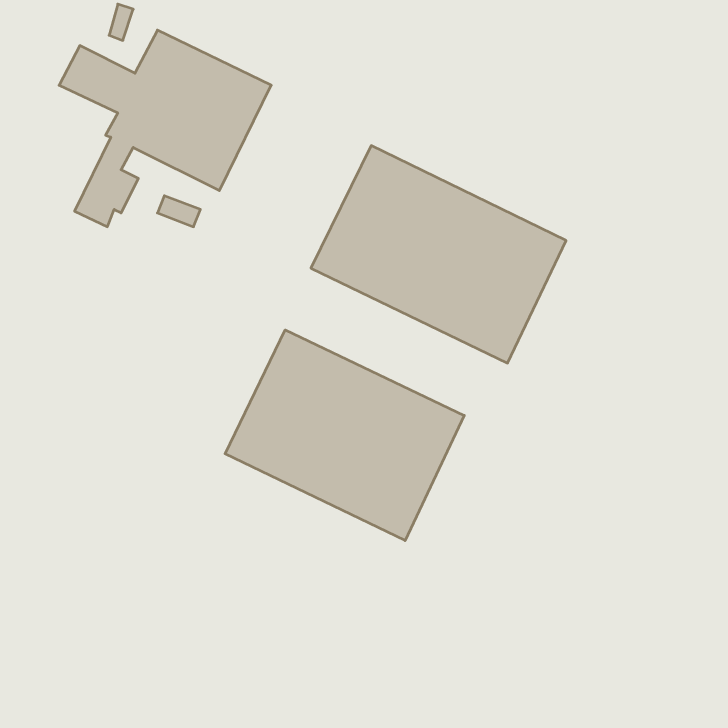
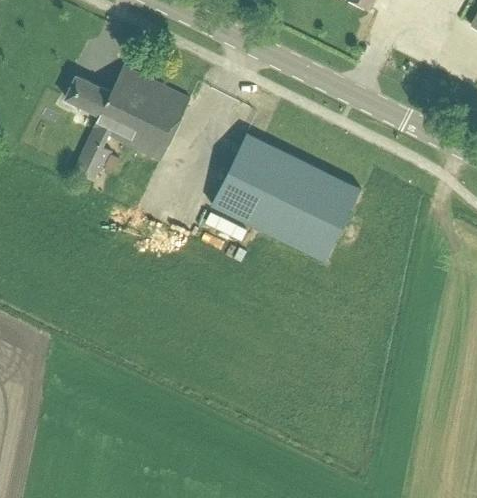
building: [225,330,464,541] -> none

